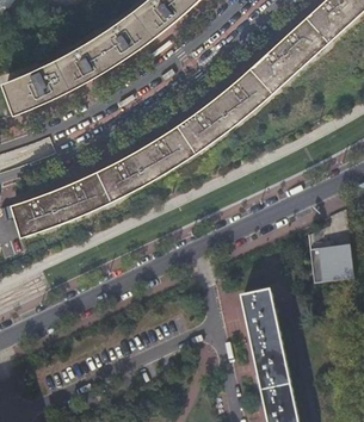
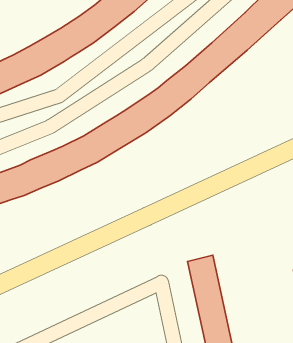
building: [306,216,351,287] -> none

